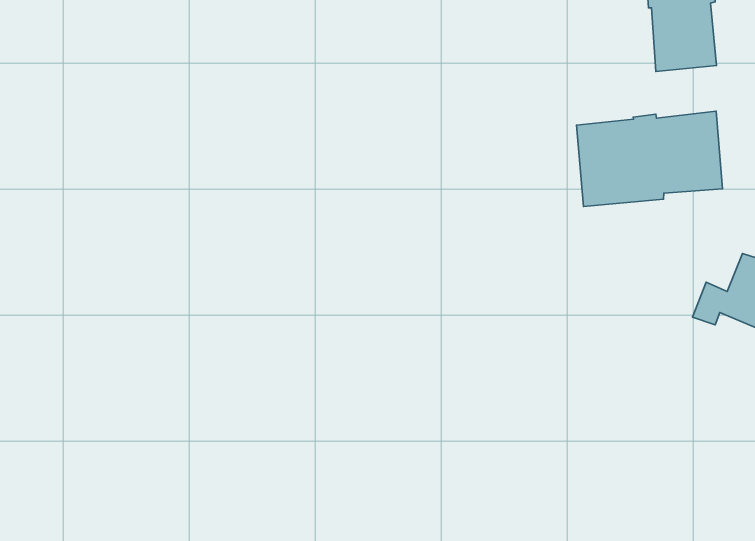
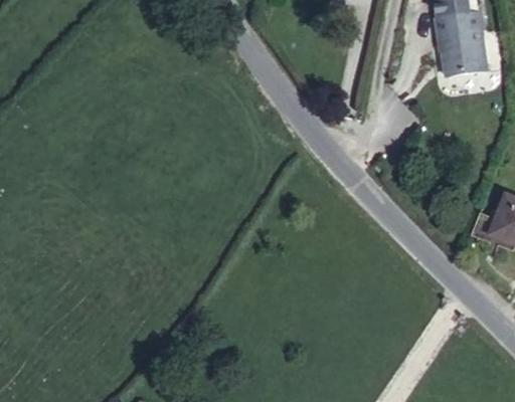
building: [577,111,722,206] -> none

